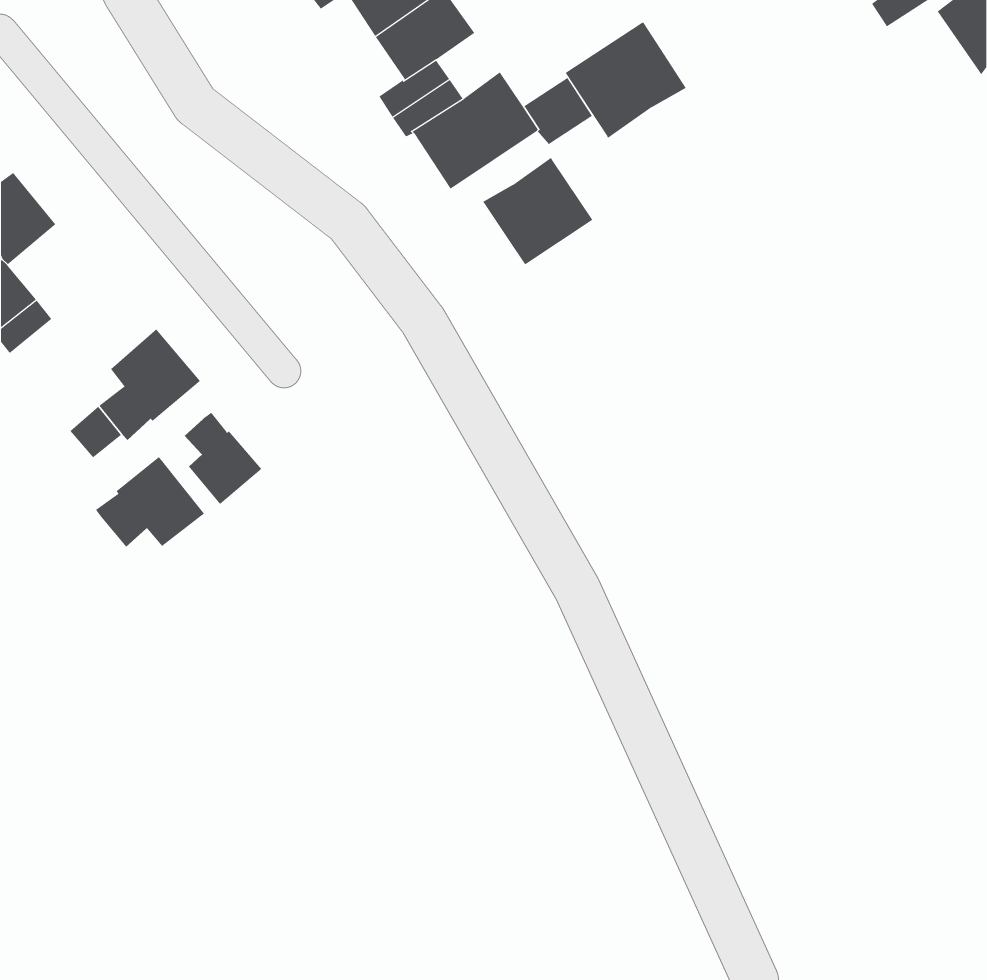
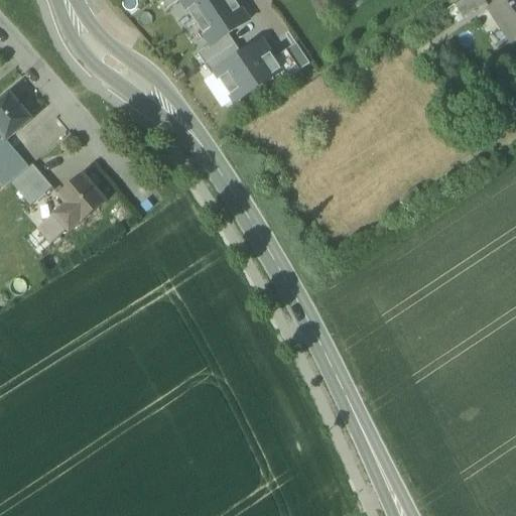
building: [565,22,687,139] -> none
building: [483,157,593,265] -> none
building: none -> [10,162,50,203]
building: [184,412,262,505] -> none
building: [95,456,205,547] -> none

